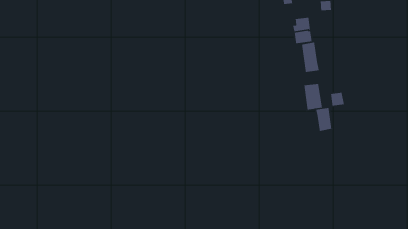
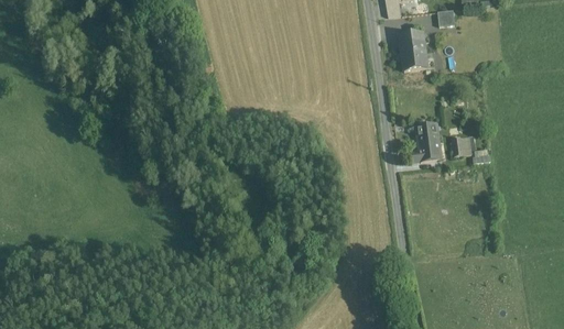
building: [301,41,320,73] -> none
building: [315,107,332,132] -> none

